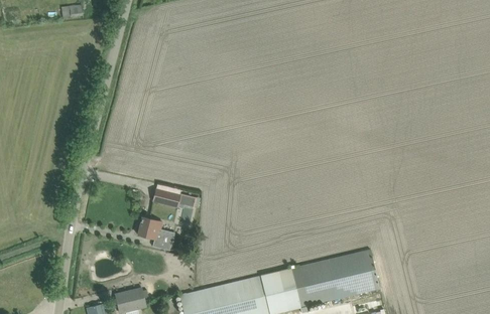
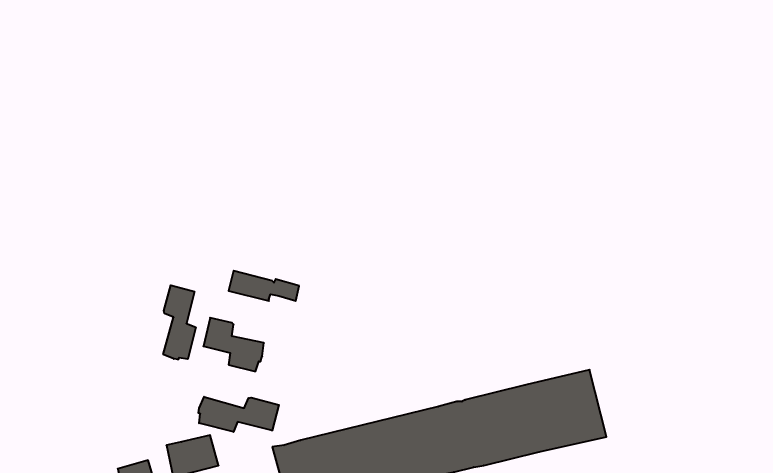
building: none -> [163,285,196,360]
building: none -> [198,397,279,432]

